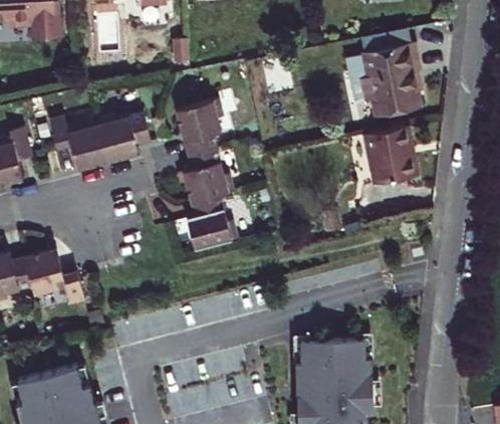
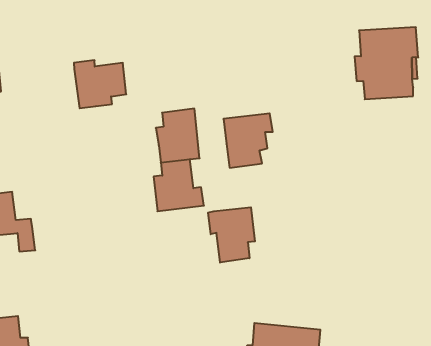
building: [174,99,222,156] -> [223,113,273,168]
building: [49,118,107,170] -> none
building: [363,126,417,185] -> none
building: none -> [208,207,255,263]

